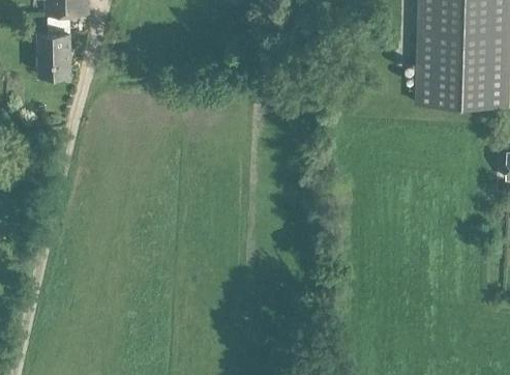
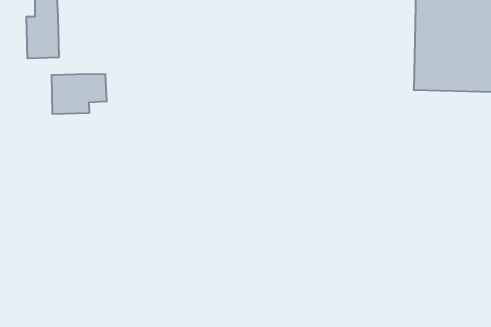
building: none -> [52,74,107,114]

